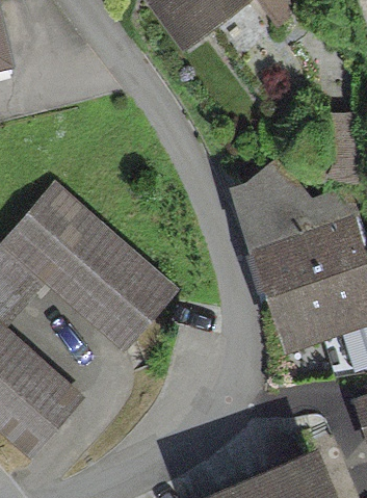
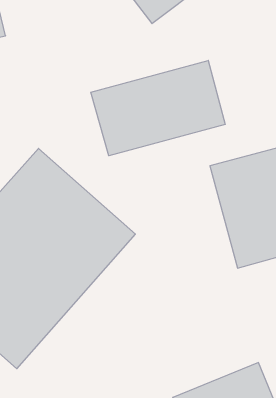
building: none -> [91,60,225,156]

